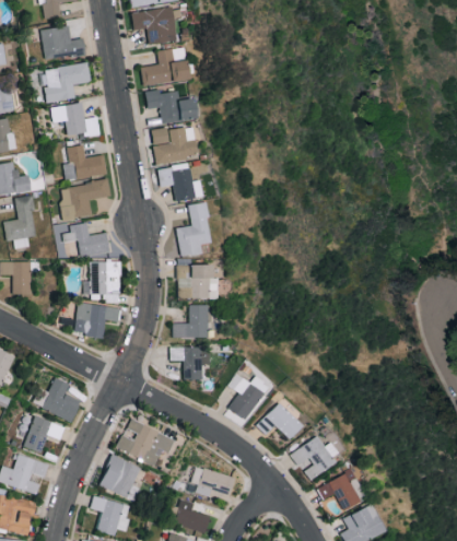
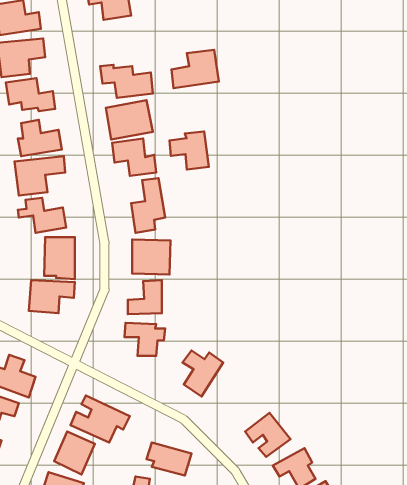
building: [141,47,188,85] -> [171,50,219,88]
building: none -> [169,132,209,169]
building: [256,402,302,439] -> none

